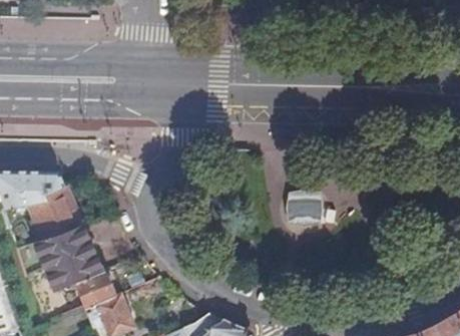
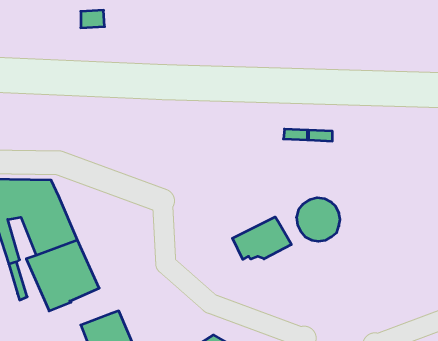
building: none -> [232,217,291,259]
building: [74,270,115,304] -> none

